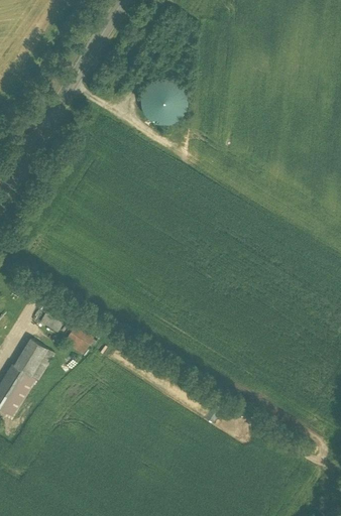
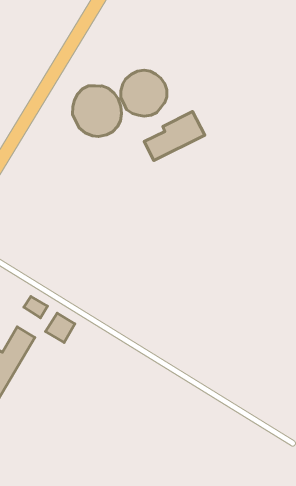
building: none -> [73,86,121,137]
building: none -> [144,112,205,161]

